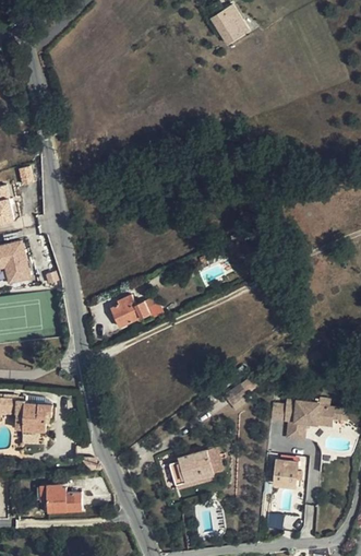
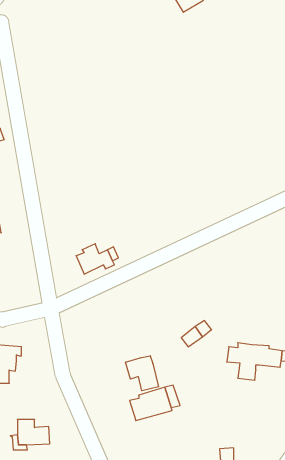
building: none -> [126,356,159,391]
building: [274,460,298,486] -> none

